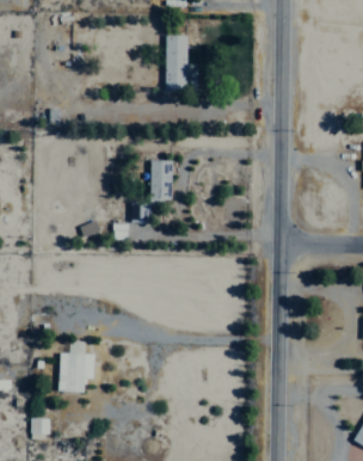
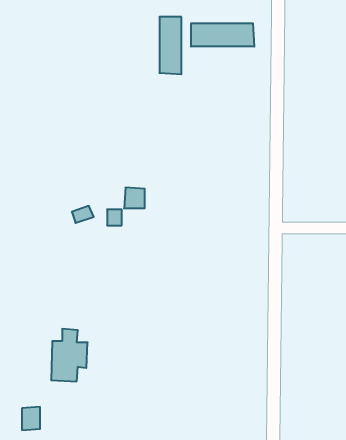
building: none -> [191,23,254,47]
building: [152,160,173,201] -> none

